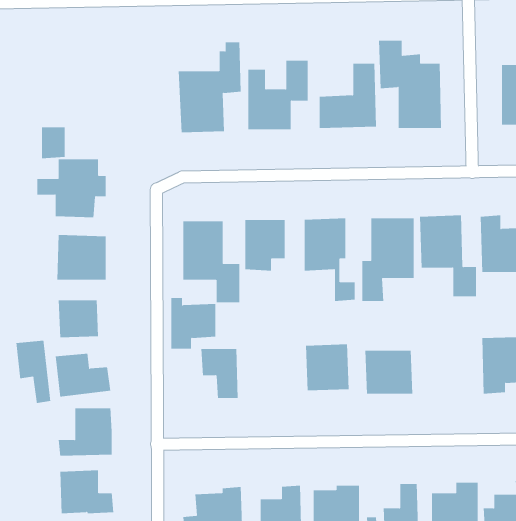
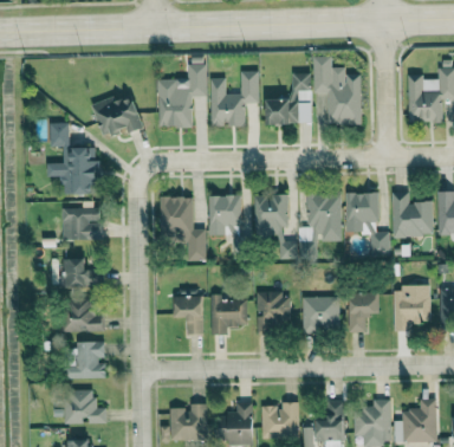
building: none -> [93,96,143,137]
building: [171,297,216,349] -> [210,294,246,335]
building: [16,340,51,404] -> none
building: none -> [349,292,378,333]

